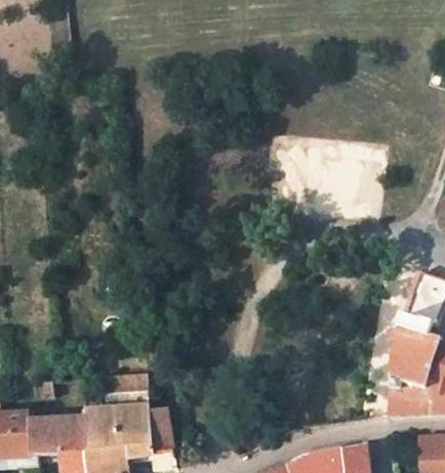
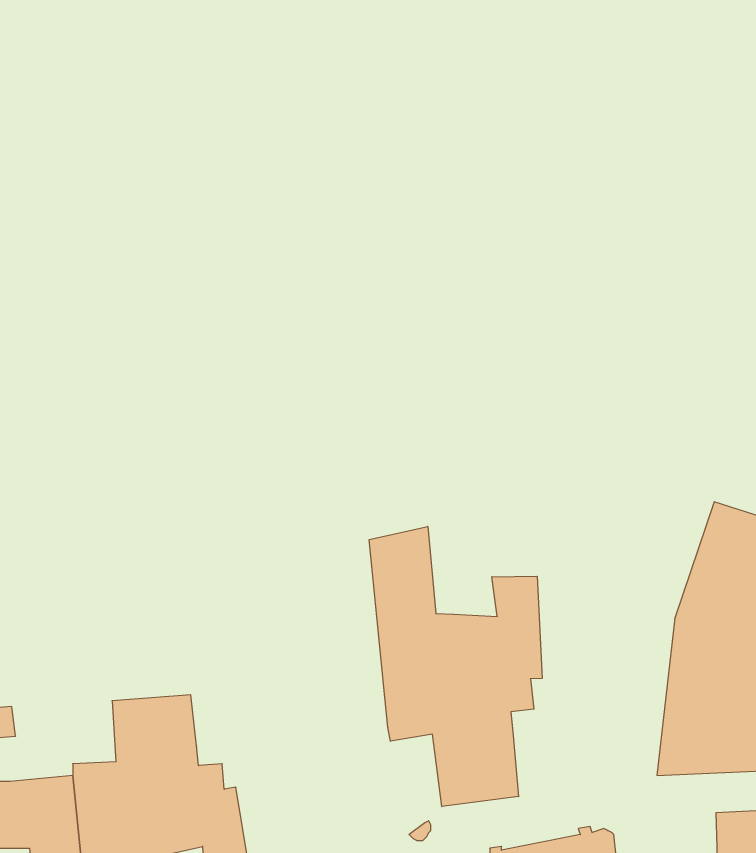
building: none -> [369,526,542,807]

